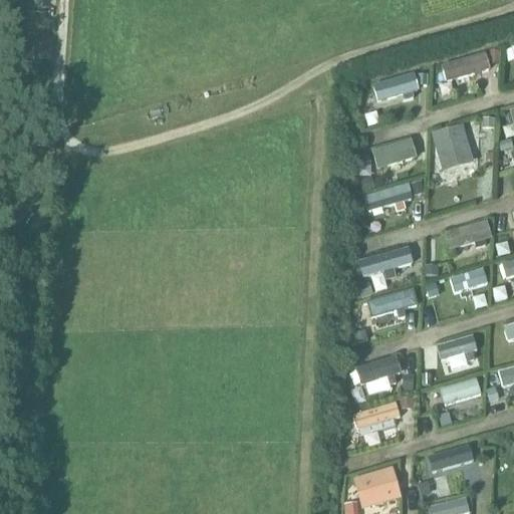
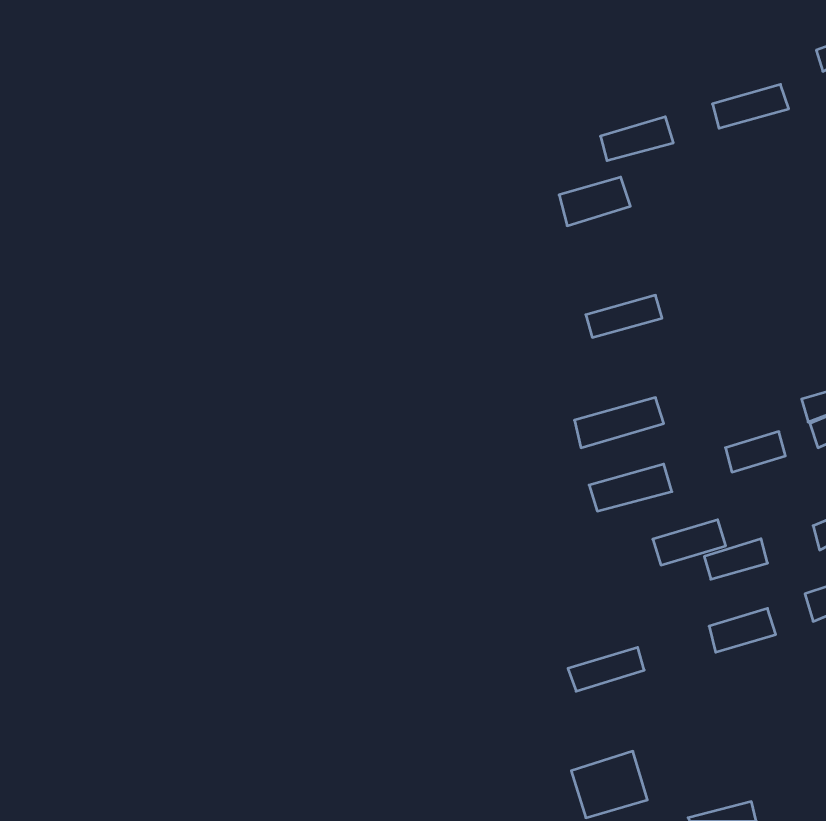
building: [433,122,474,169] -> none
building: [371,138,416,168] -> [559,177,630,226]
building: [445,219,491,248] -> none
building: [356,354,402,382] -> [653,520,726,565]
building: [430,444,475,471] -> none

